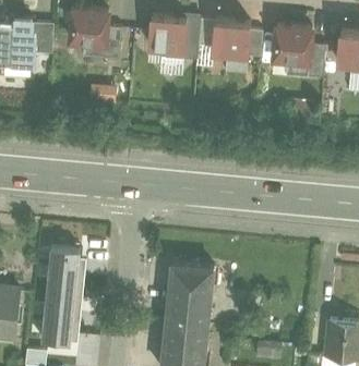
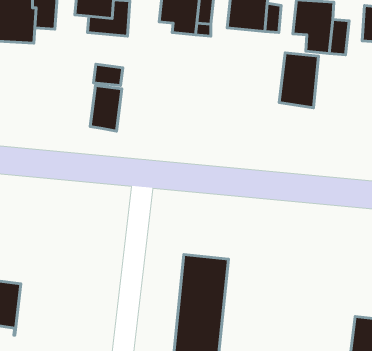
building: none -> [279,53,318,108]
building: none -> [90,86,122,131]
building: [31,240,76,343] -> none

